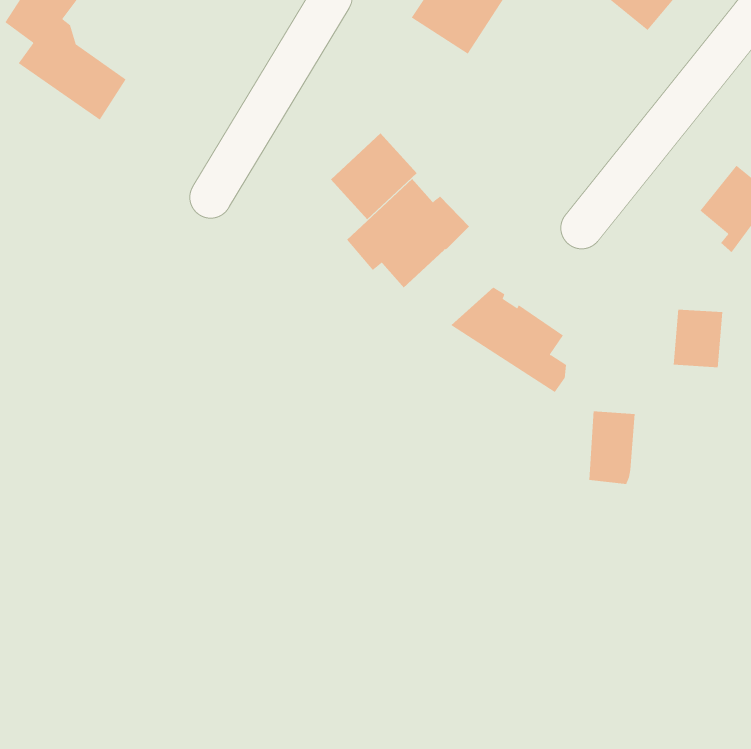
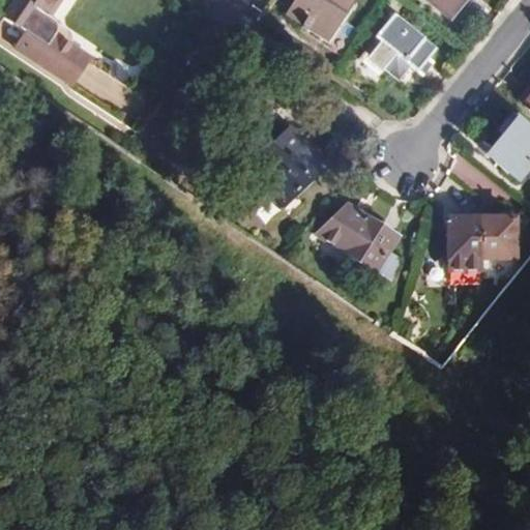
building: none -> [358,12,435,78]
building: [330,133,417,220] -> none
building: [589,411,636,485] -> [444,215,477,267]

